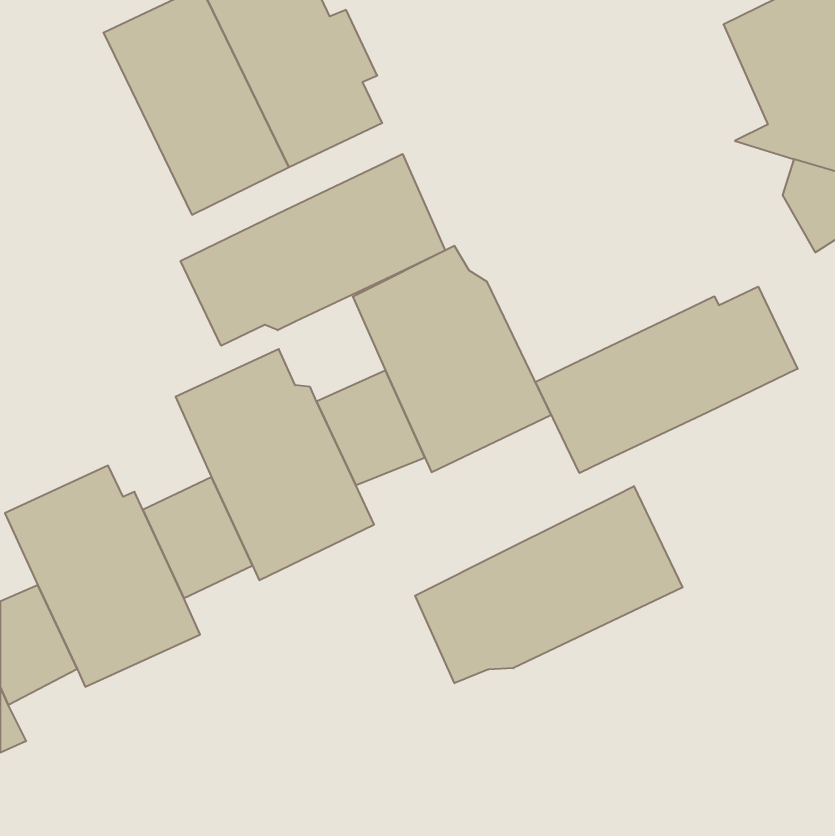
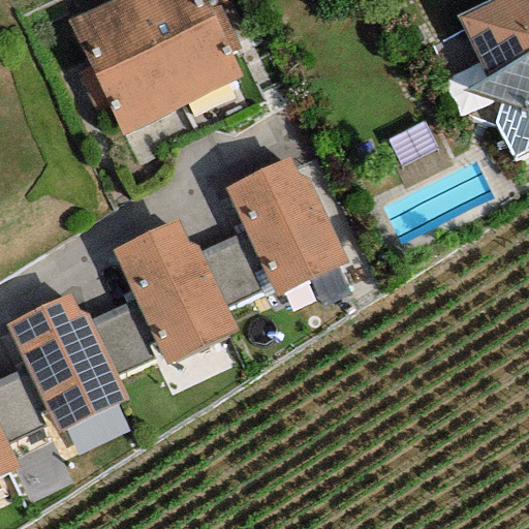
building: [181,154,445,346] -> none
building: [535,287,798,473] -> none
building: [415,486,683,683] -> none

